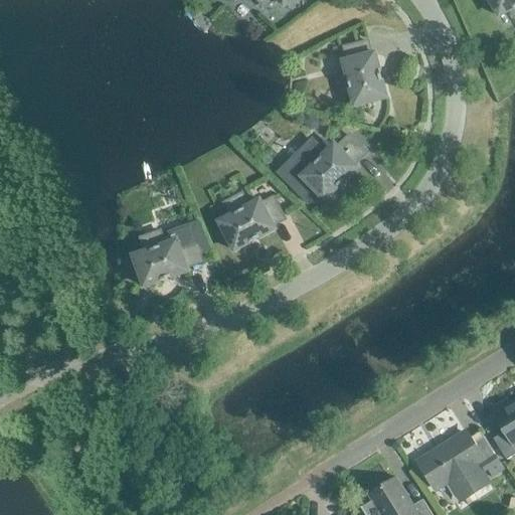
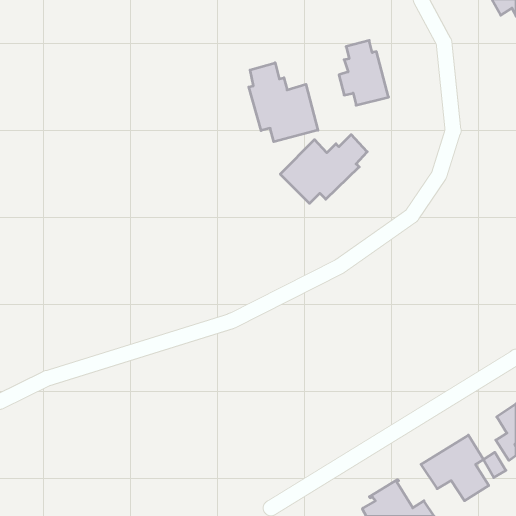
building: none -> [249,63,318,142]
building: [218,192,284,249] -> none
building: [133,223,201,286] -> none

